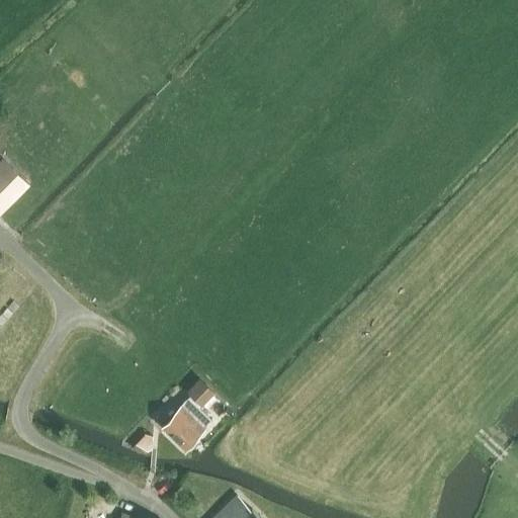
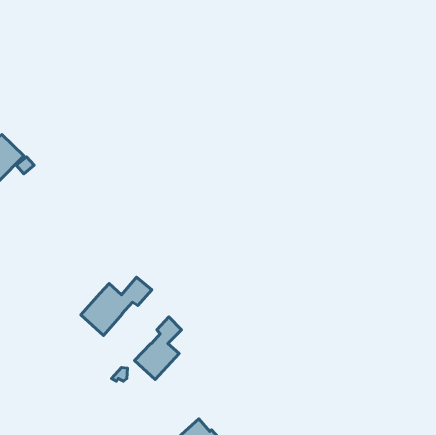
building: none -> [81,277,152,335]

